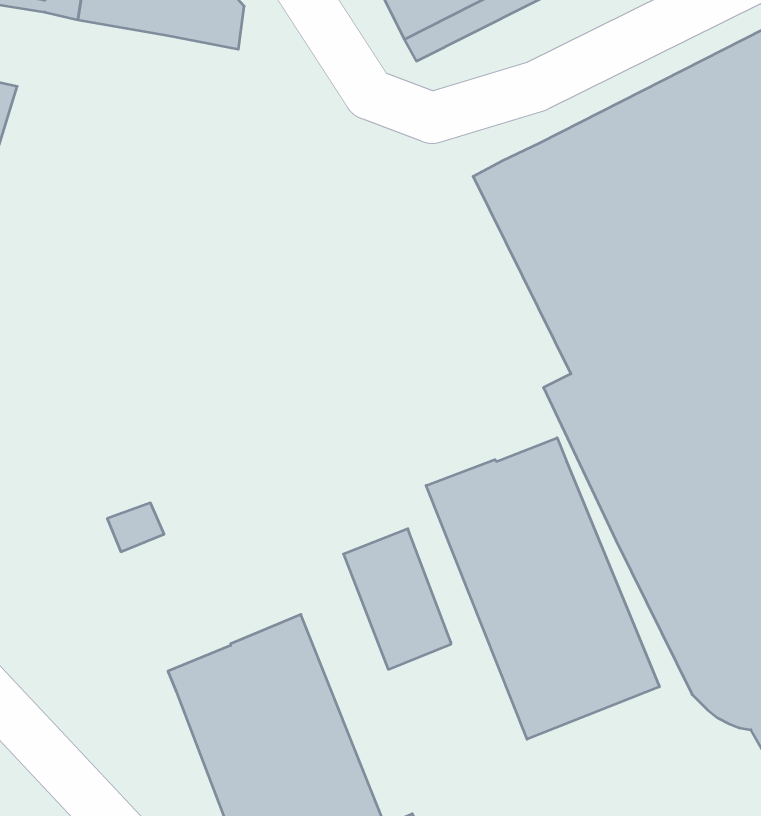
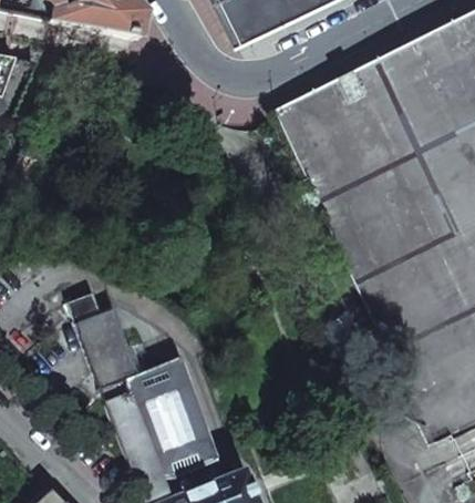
building: [426,438,659,739] -> none
building: [343,529,451,669] -> [80,309,141,389]

